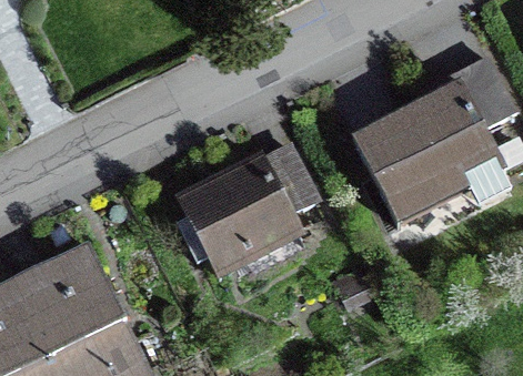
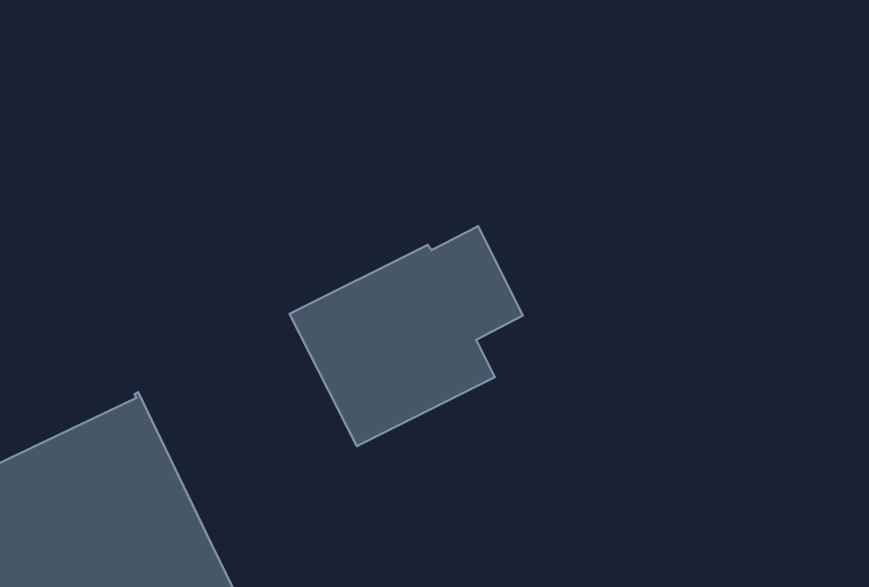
building: [351,55,514,224] -> none

